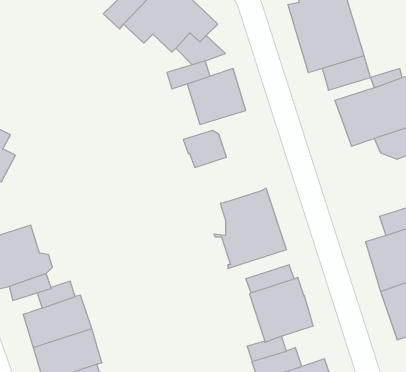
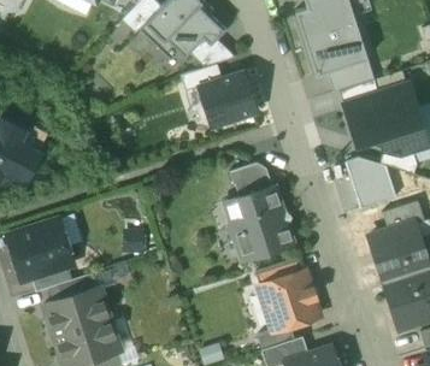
building: [183,130,226,167] -> [229,163,270,197]
building: none -> [346,159,396,208]

